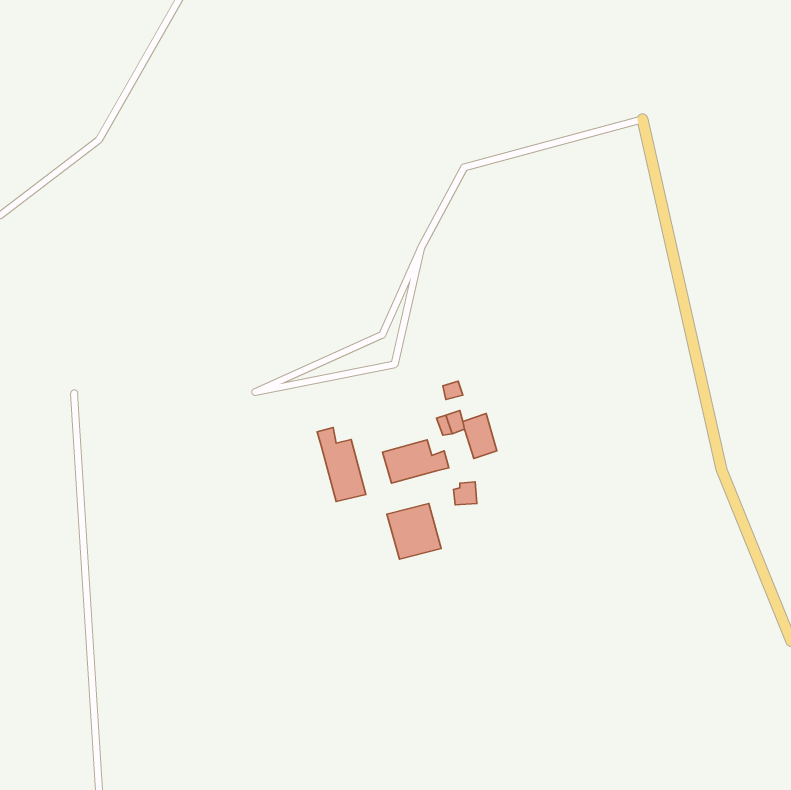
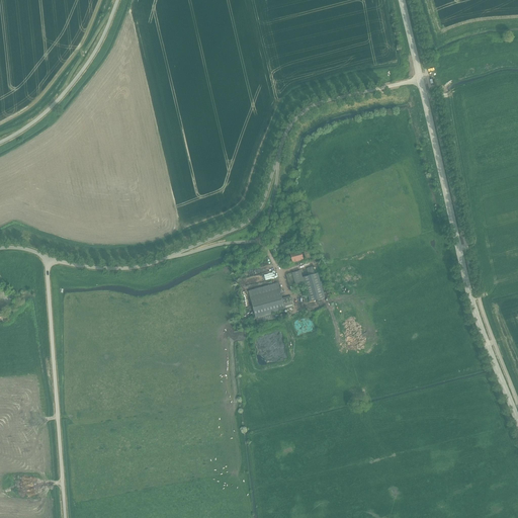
building: [317,427,366,502] -> none

